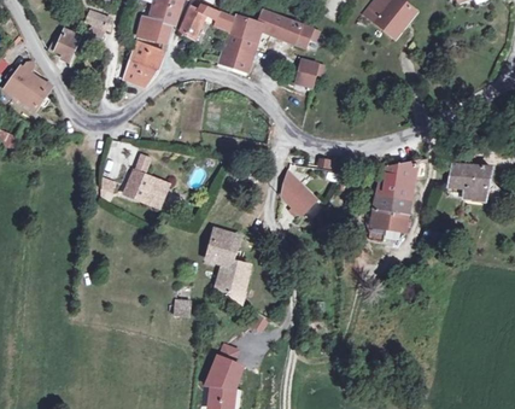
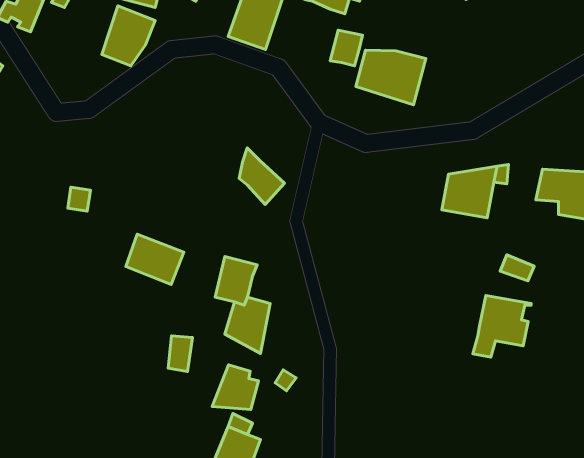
building: none -> [356,50,426,105]
building: [125,170,169,208] -> [126,234,184,284]
building: [282,173,316,215] -> [239,148,285,204]
building: [368,194,411,240] -> [473,296,531,357]
building: none -> [212,365,258,409]

